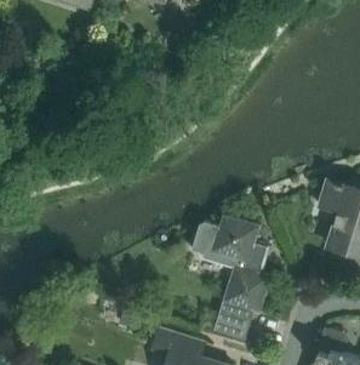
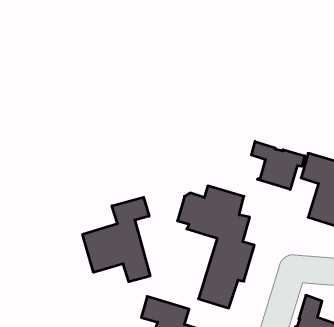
building: none -> [251,141,305,190]
building: none -> [83,197,150,282]

